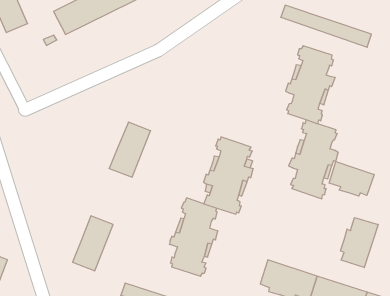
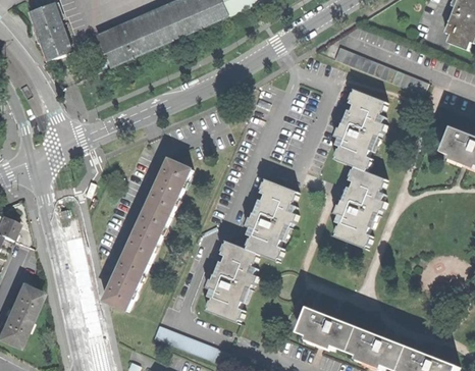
building: [329,161,374,196] -> none
building: none -> [125,205,170,263]
building: [341,218,378,268] -> none

